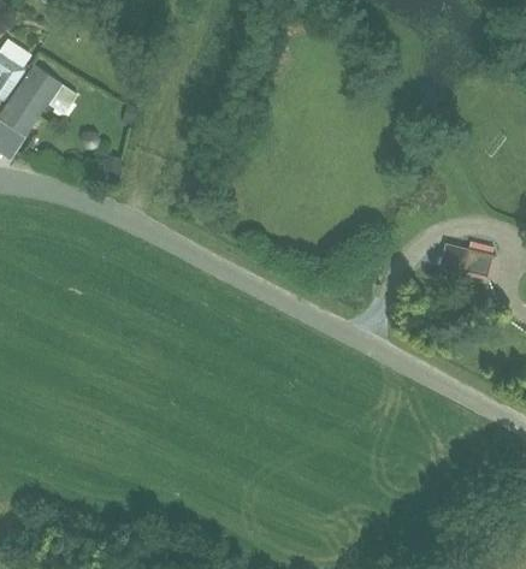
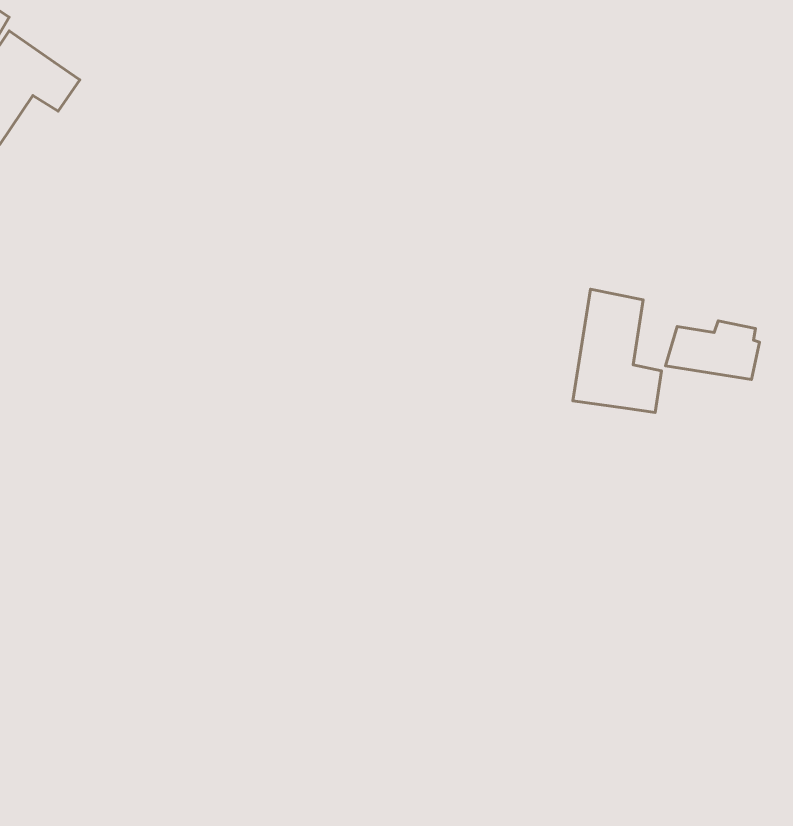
building: none -> [573,289,661,412]

